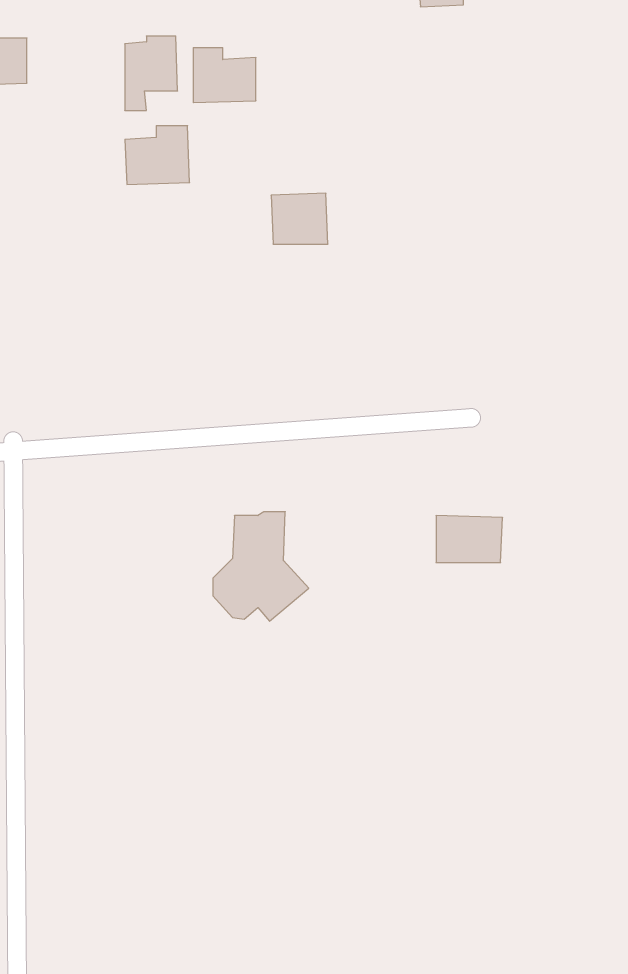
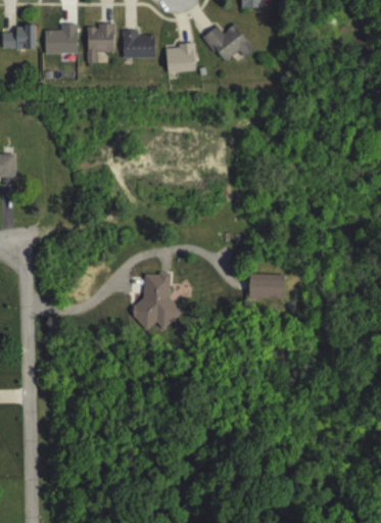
building: none -> [203,23,254,62]
building: [125,126,190,184] -> [44,23,78,54]
building: [271,193,328,244] -> [165,45,195,72]

